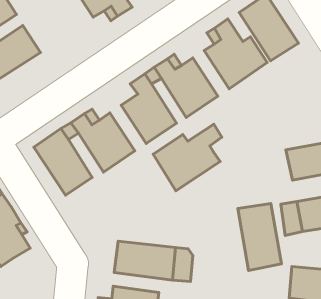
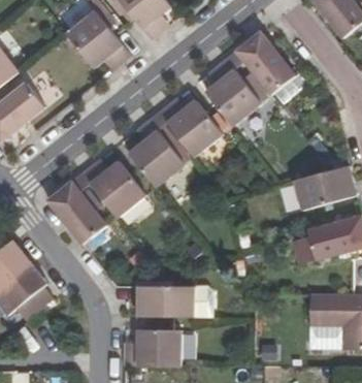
building: [153,124,222,191] -> none
building: [238,204,282,270] -> none

